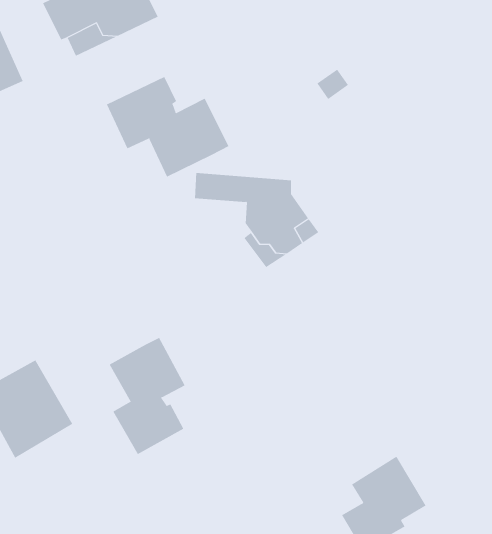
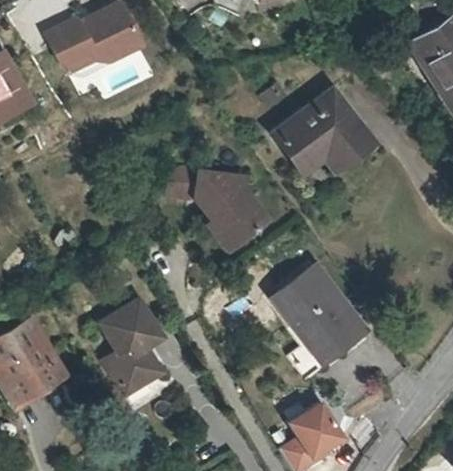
building: none -> [272,90,365,169]
building: [106,76,229,178] -> none
building: none -> [274,261,375,367]

